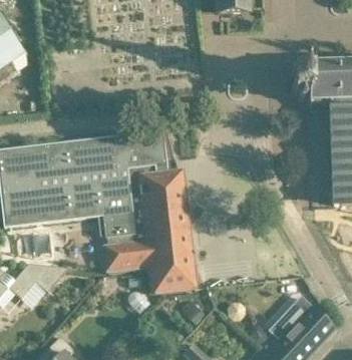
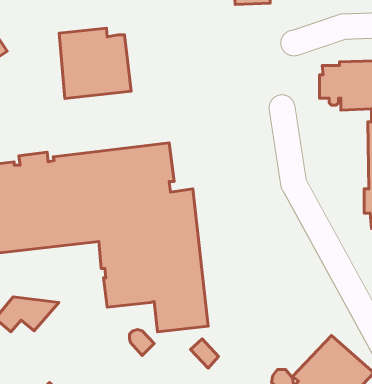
building: none -> [59,28,131,98]

